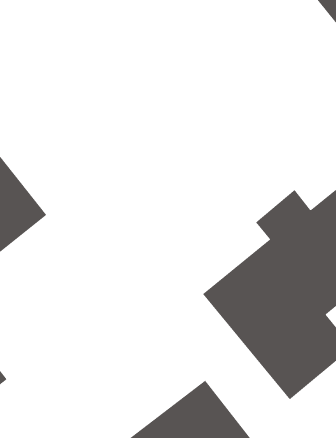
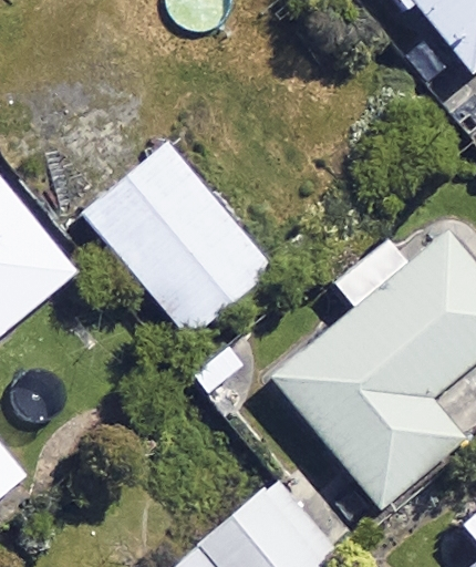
building: none -> [84,144,272,339]

